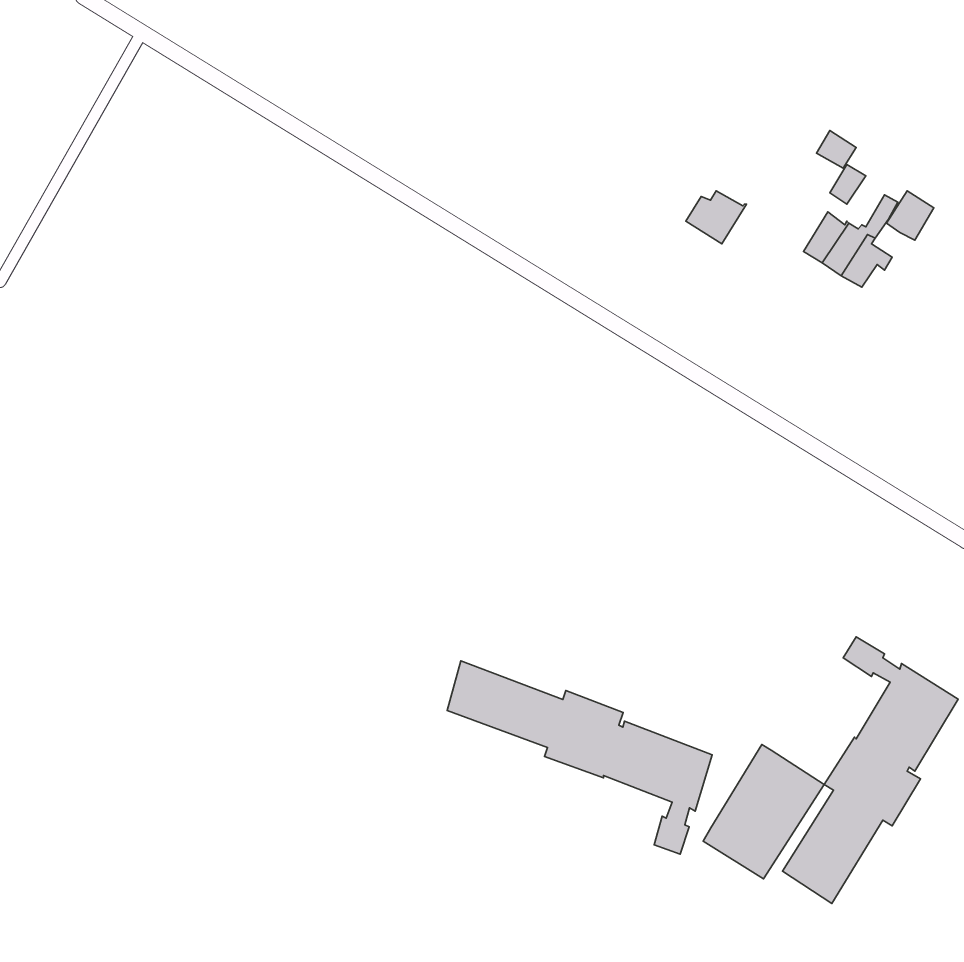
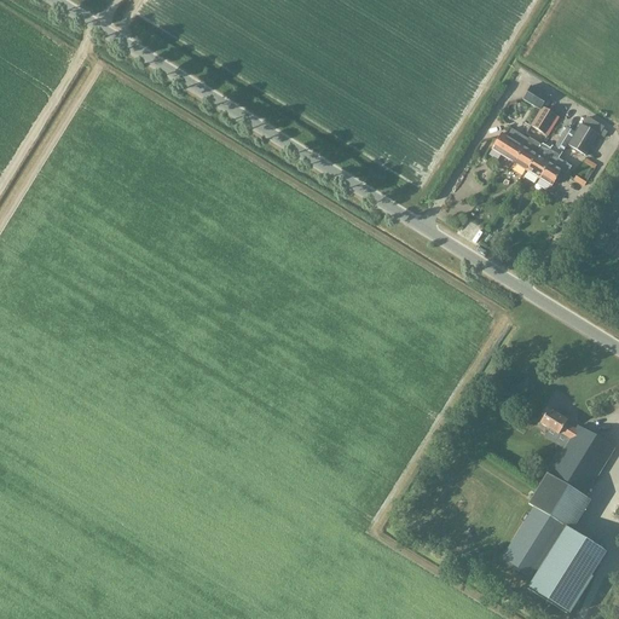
building: [686,191,746,244] -> [492,127,531,161]
building: [447,661,712,854] -> none
building: [703,745,824,879] -> [528,525,606,611]

